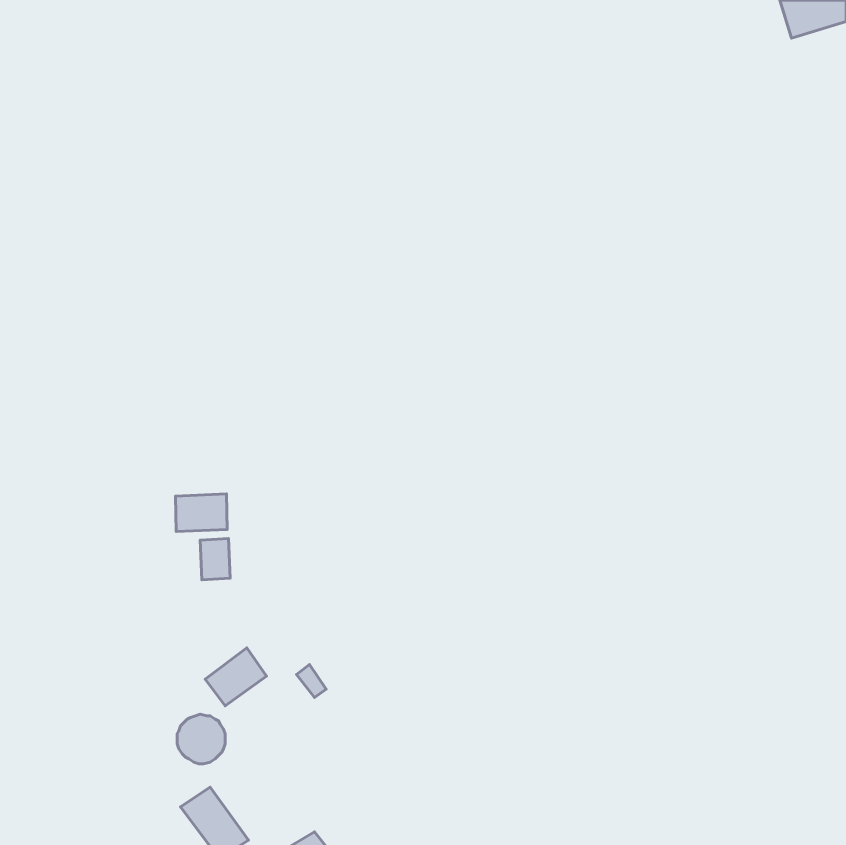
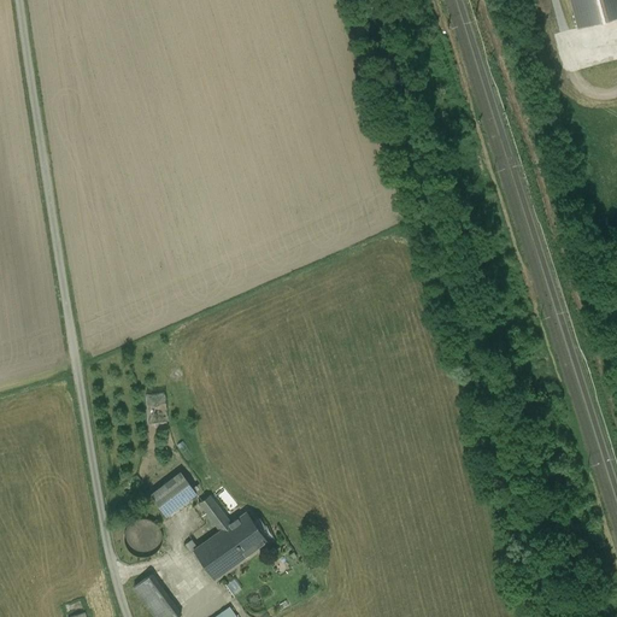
building: [175,494,227,532] -> none
building: none -> [192,495,266,578]

